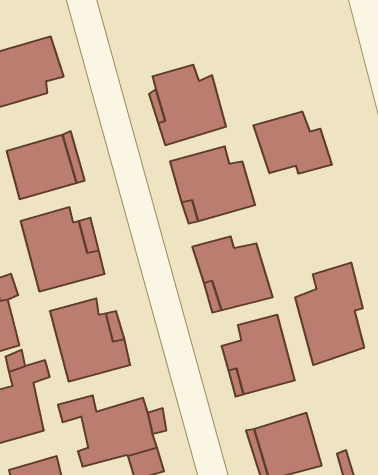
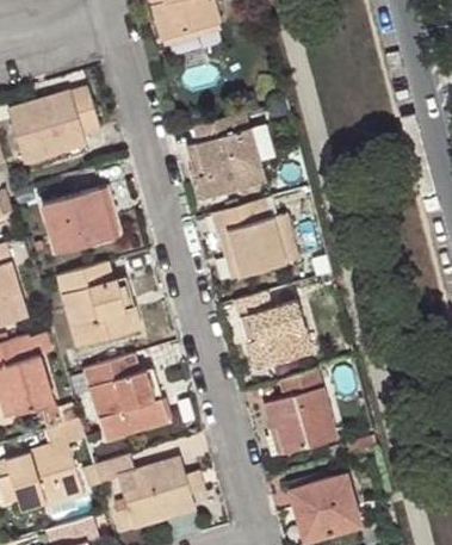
building: [253,111,332,174] -> none
building: [295,262,364,365] -> none

